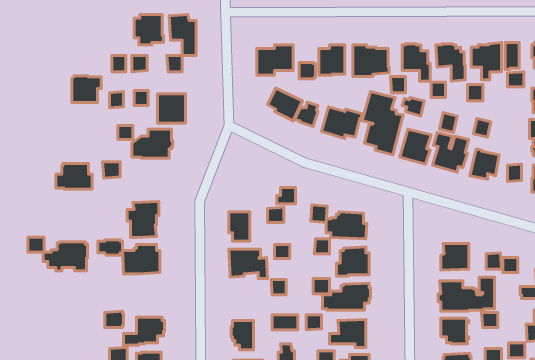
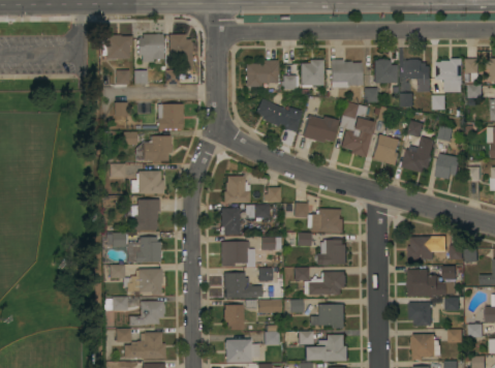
building: [72,76,101,103] -> [109,34,134,58]
building: [56,164,92,189] -> [132,171,164,193]
building: none -> [224,175,250,203]
building: [28,237,88,271] -> [111,265,163,295]
building: none -> [225,272,264,298]

